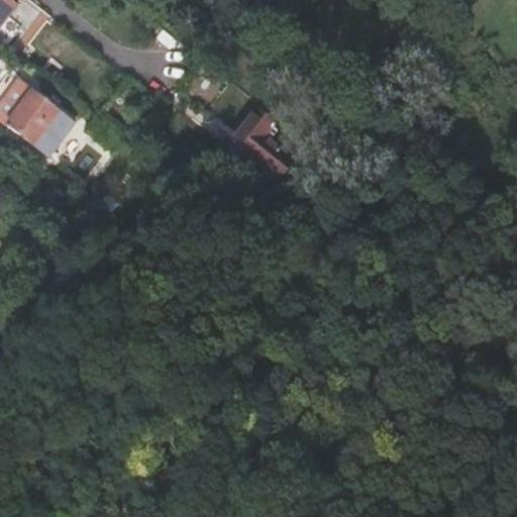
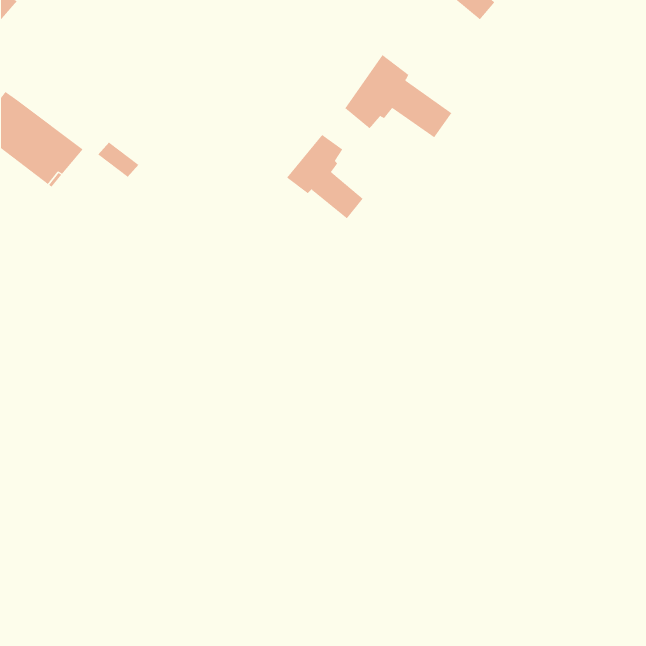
building: none -> [344,54,452,138]

